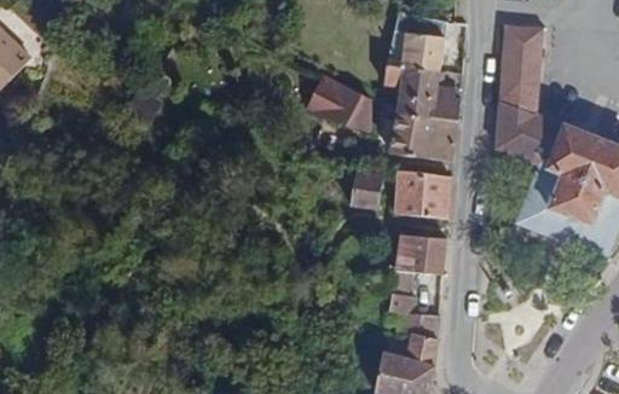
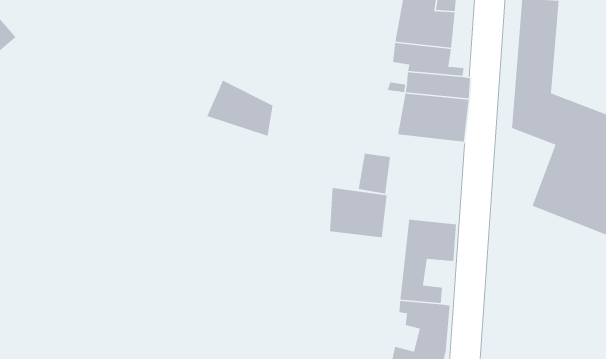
building: [307,74,371,128] -> [206,80,273,137]
building: [395,170,451,219] -> [329,187,388,238]

